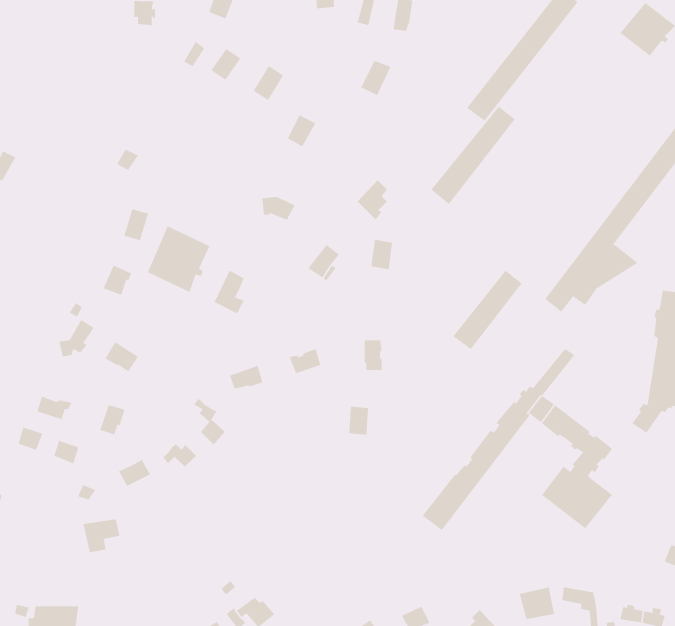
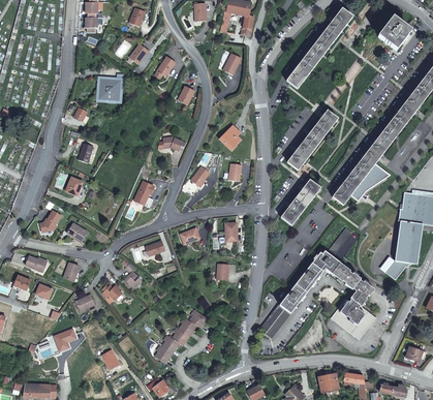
building: none -> [94,74,121,101]
building: [430,106,516,205] -> [285,112,337,172]
building: [147,225,210,293] -> none
building: none -> [153,309,205,361]

